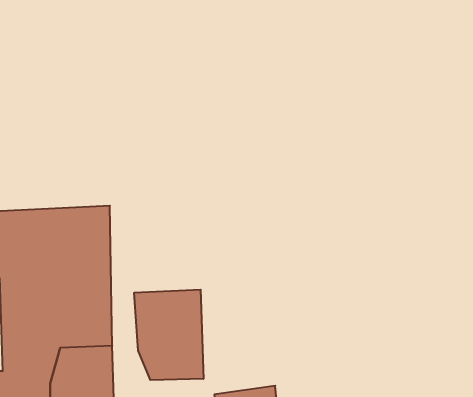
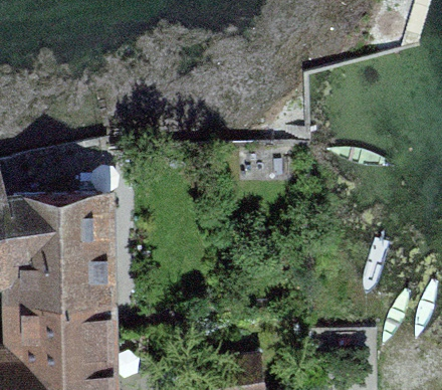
building: [134,290,203,380] -> none

